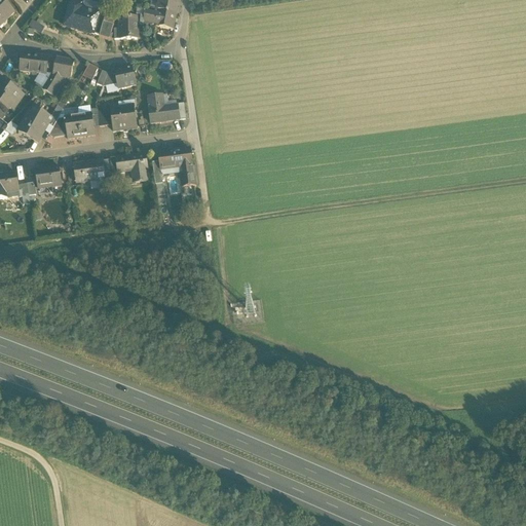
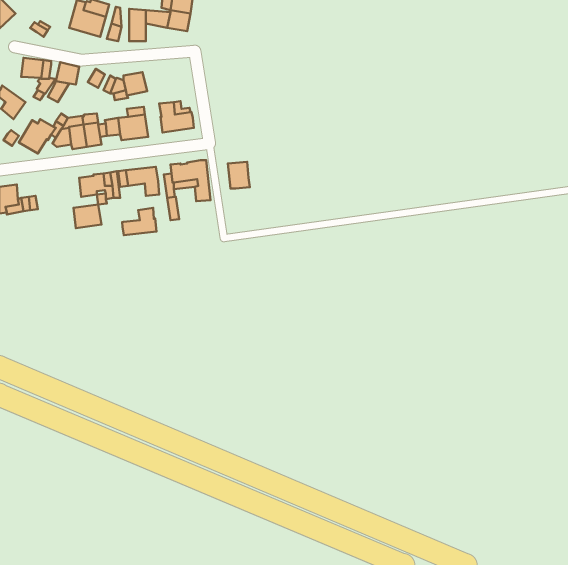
building: none -> [228,162,250,189]
building: [35,165,61,187] -> [74,205,101,228]
building: none -> [122,208,157,235]

